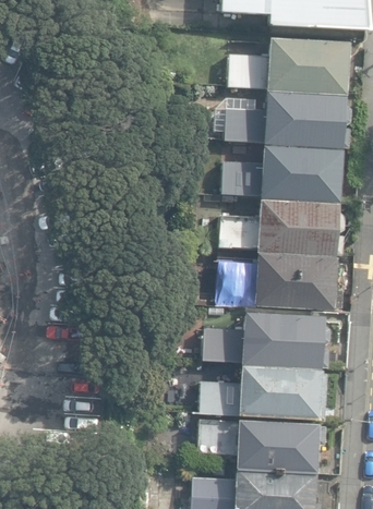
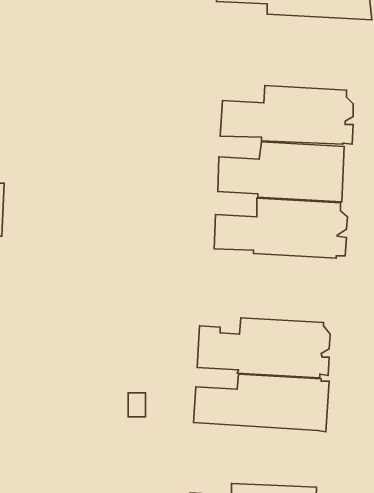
building: [229,39,346,94] -> none
building: [218,254,335,310] -> none
building: [197,419,325,472] -> none

